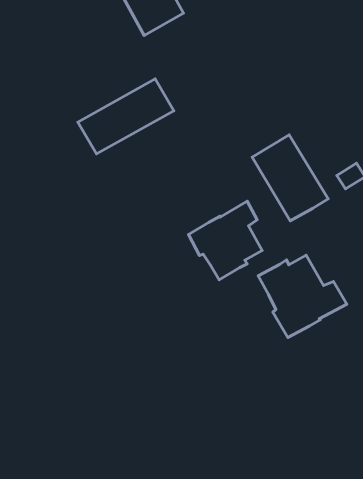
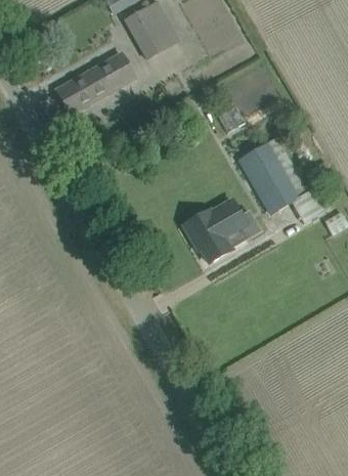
building: [78,79,174,154] -> [56,52,136,115]
building: [258,255,347,338] -> none

